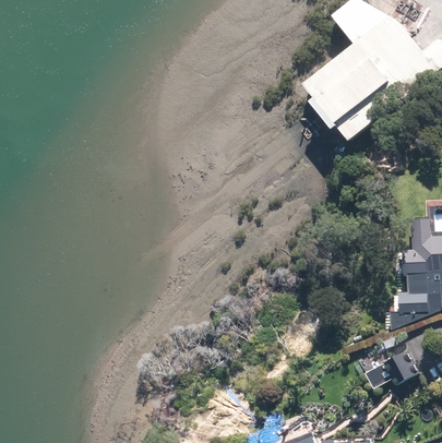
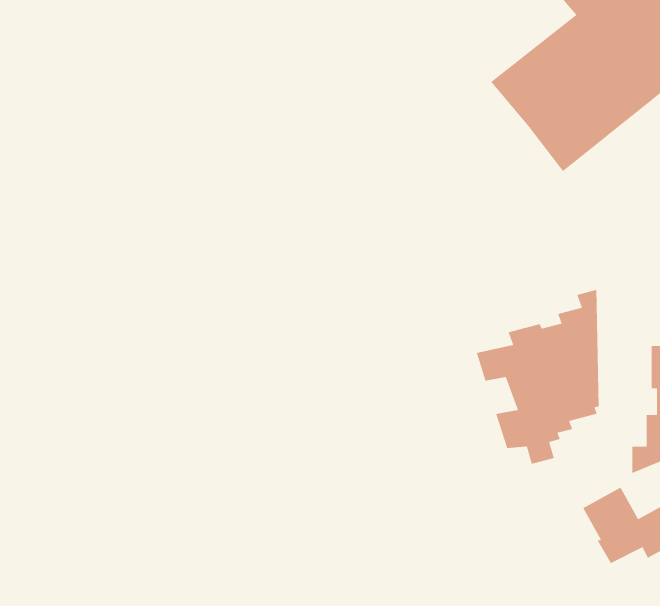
building: none -> [476,289,599,465]

